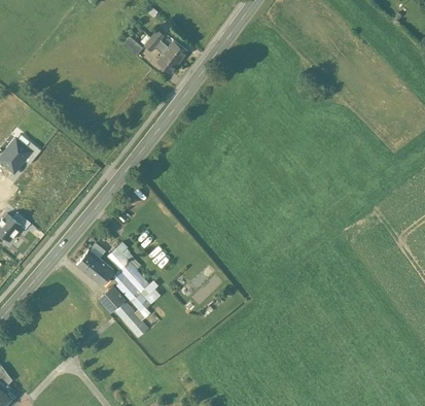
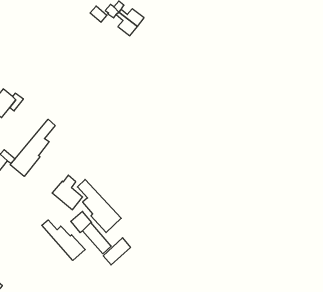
building: none -> [10,119,55,176]
building: none -> [42,220,85,260]
building: none -> [103,238,130,265]

